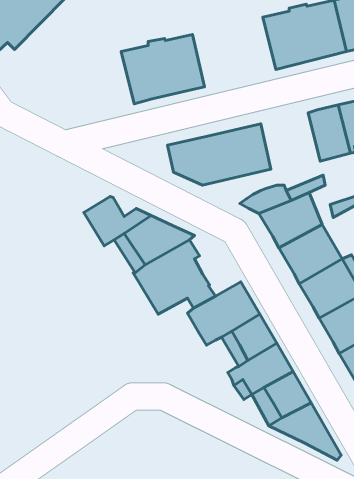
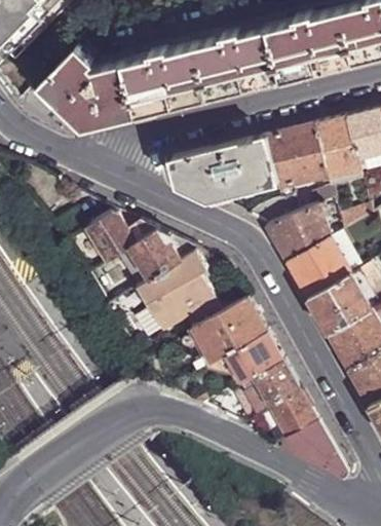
building: none -> [197,28,282,99]
building: none -> [41,47,138,128]
building: none -> [267,125,328,188]

